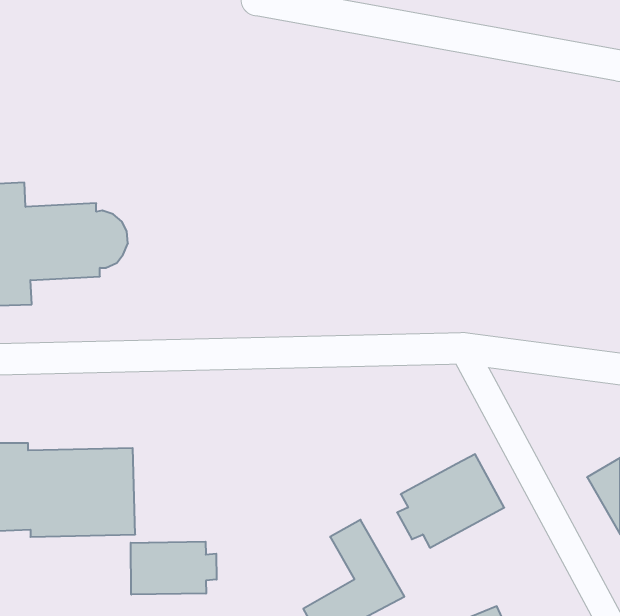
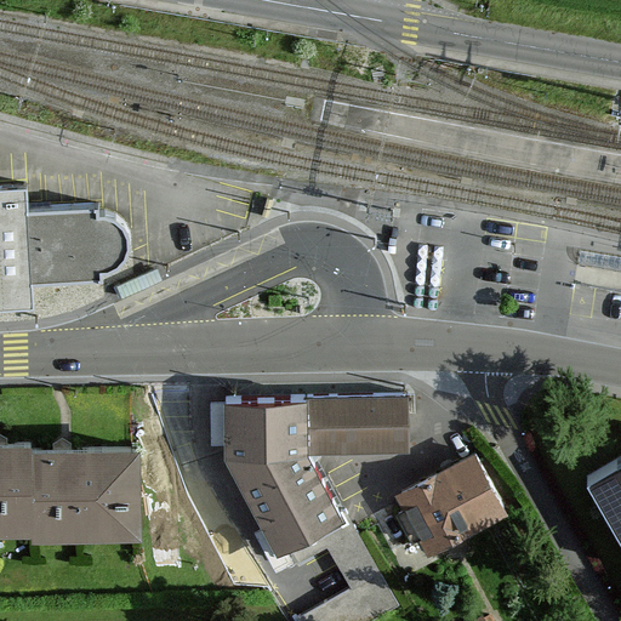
building: none -> [215,398,408,564]
building: [131,542,217,595] -> none

